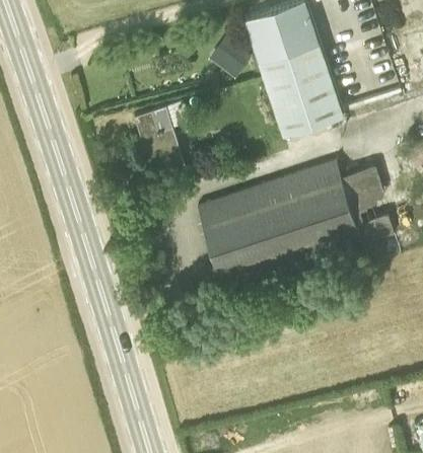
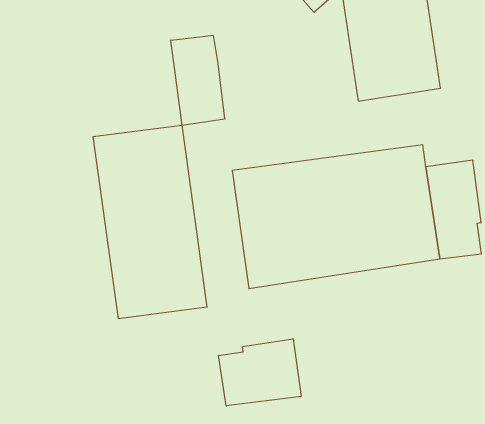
building: none -> [93,125,207,319]
building: none -> [218,339,301,406]

